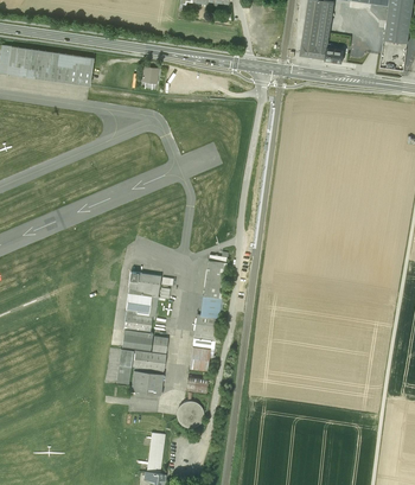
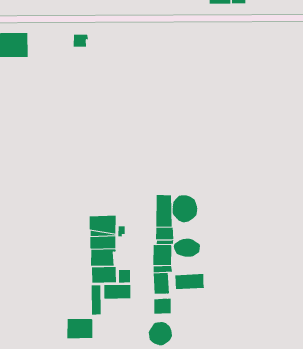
building: none -> [172,194,198,223]
building: none -> [173,238,200,257]
building: none -> [175,273,205,290]
building: [130,369,164,395] -> [67,319,93,339]

